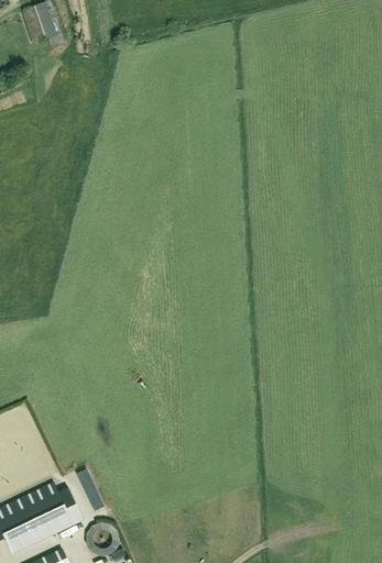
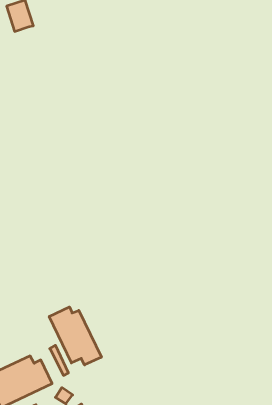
building: none -> [49,307,101,365]

